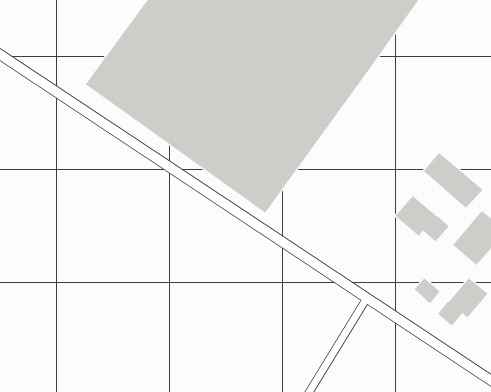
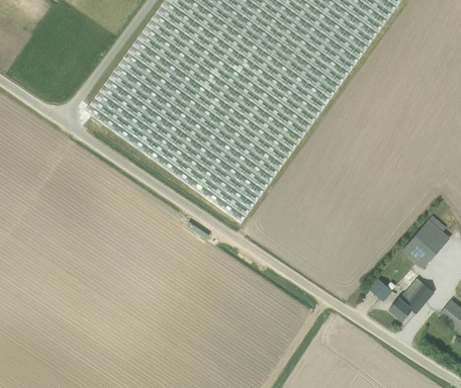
building: [423,152,484,209] -> none
building: [394,195,450,242] -> none

